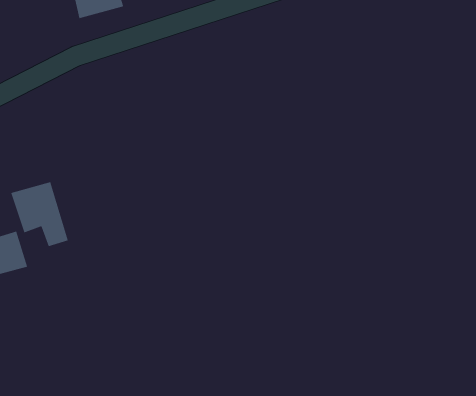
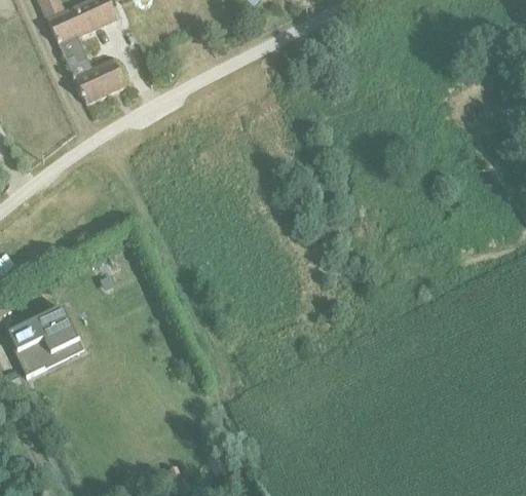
building: [10,181,69,247] -> none

